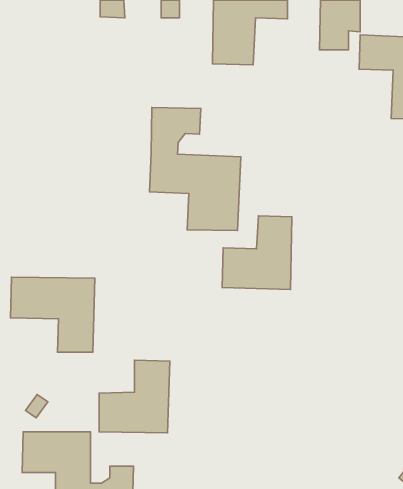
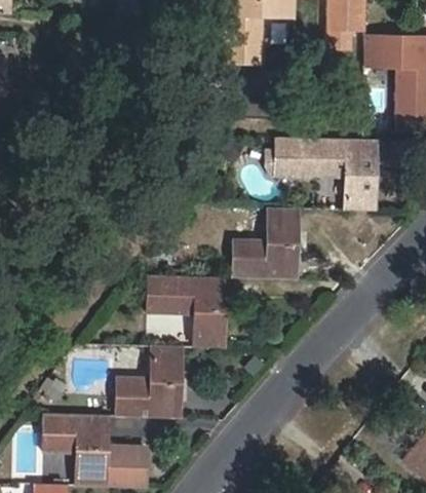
building: [149,107,241,231] -> none
building: none -> [274,138,379,211]
building: [10,277,95,352] -> [146,275,227,347]

